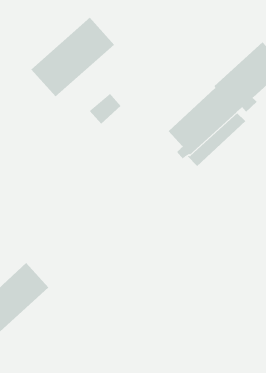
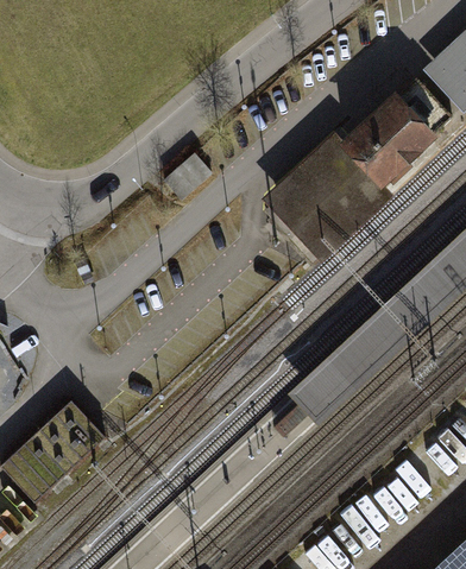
building: [30,17,115,97] -> none
building: none -> [263,132,347,235]

